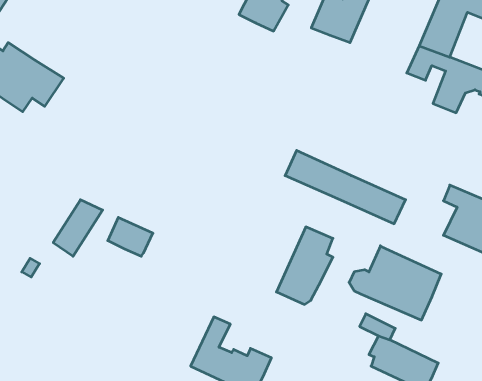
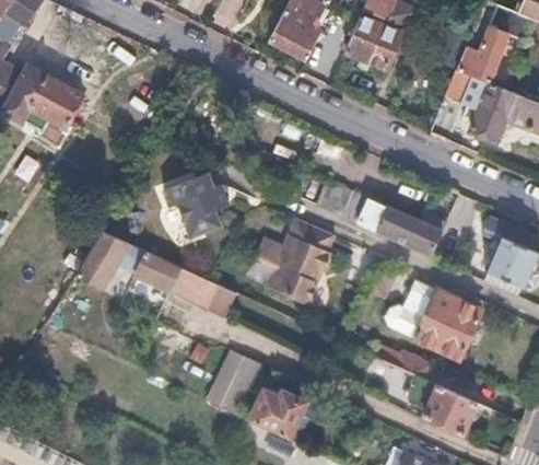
building: none -> [164,173,231,237]
building: [276,227,333,304] -> [259,214,318,295]
building: none -> [171,267,218,305]

